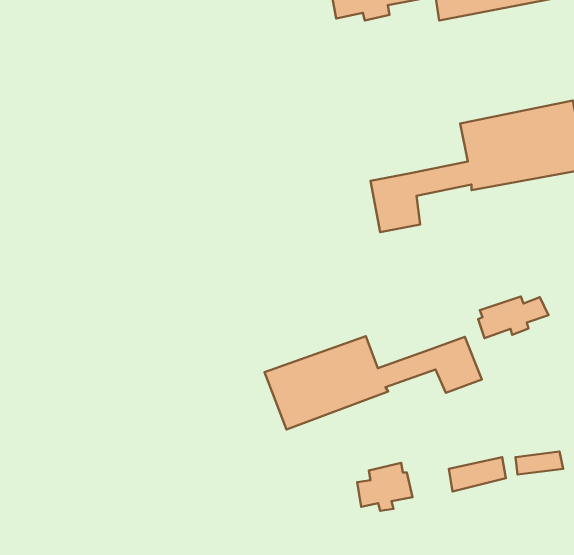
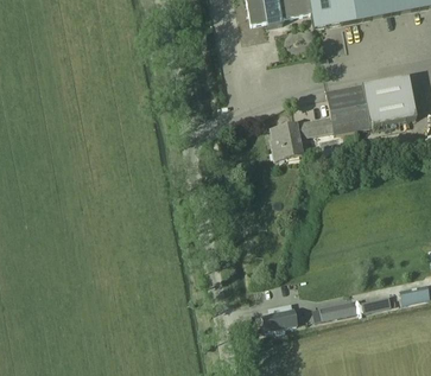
building: [478,296,548,338] -> none
building: [265,336,482,430] -> none

